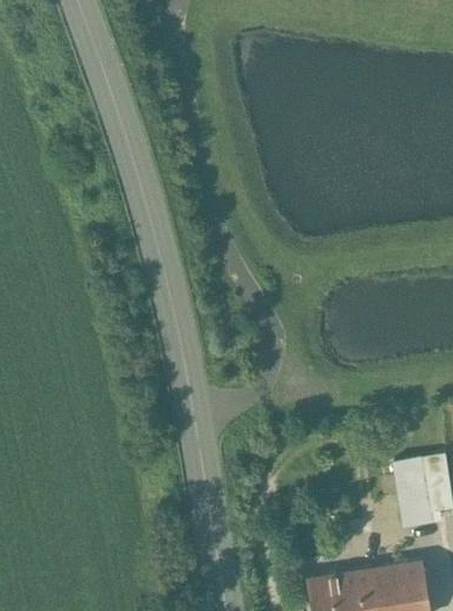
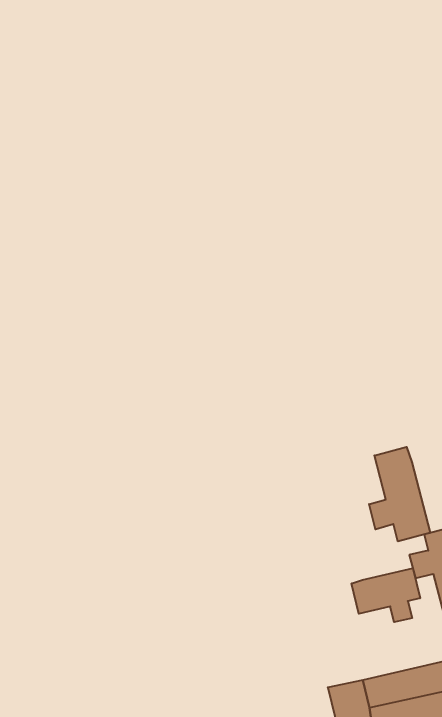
building: none -> [369,447,430,541]
building: none -> [352,568,420,622]

